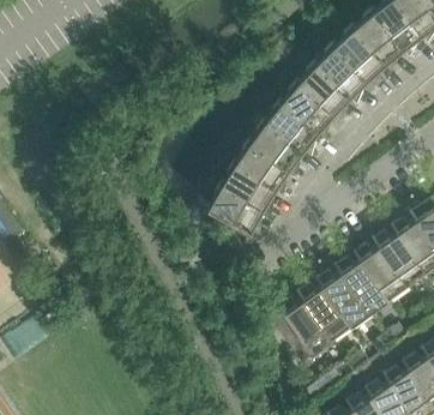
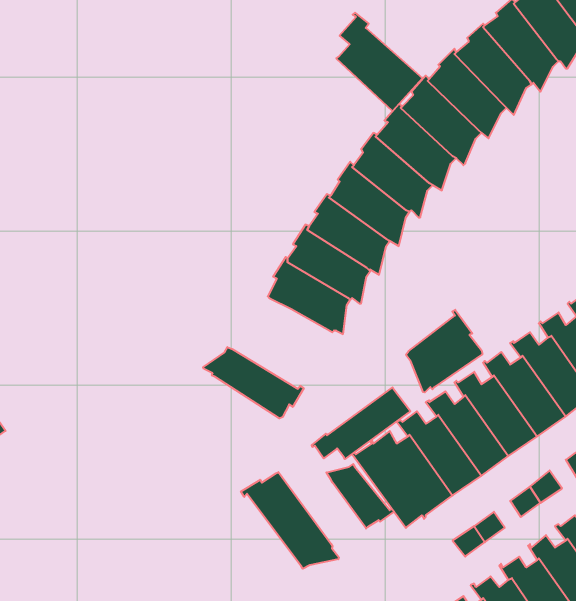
building: none -> [336,13,423,111]
building: none -> [406,310,482,392]
building: none -> [203,347,304,418]
building: none -> [312,387,410,459]
building: none -> [326,464,394,529]
building: none -> [241,472,339,569]

